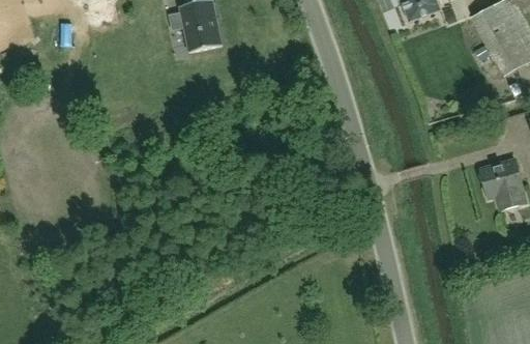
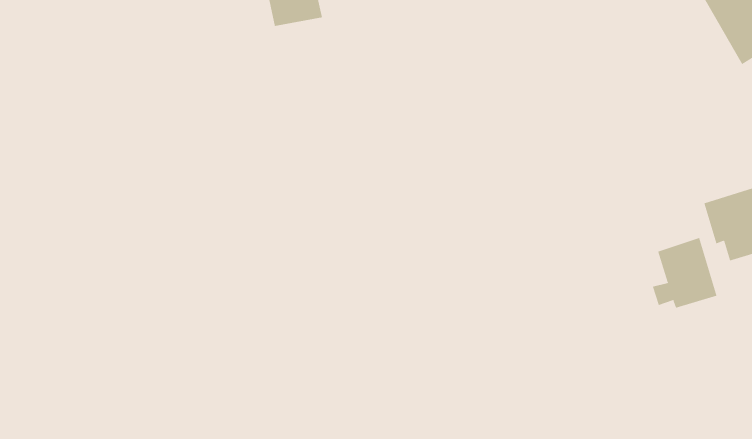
building: none -> [652,237,717,308]

